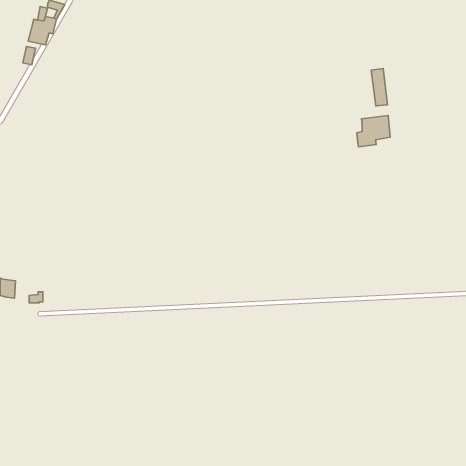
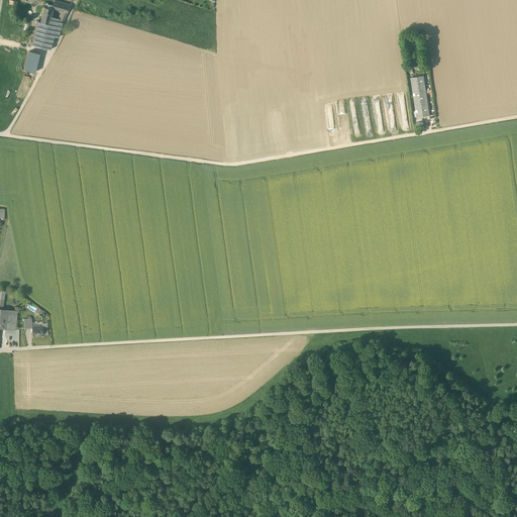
building: [357,115,390,147] -> none

